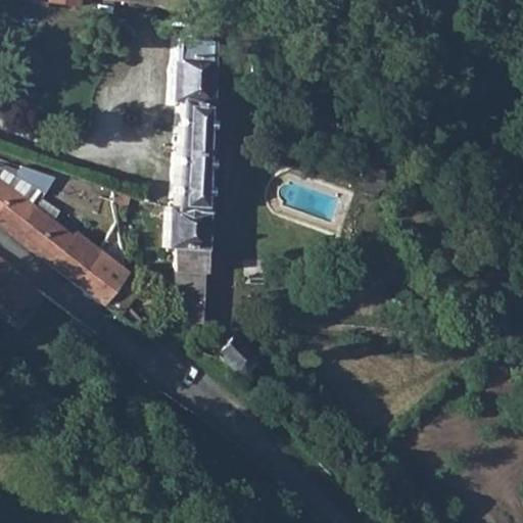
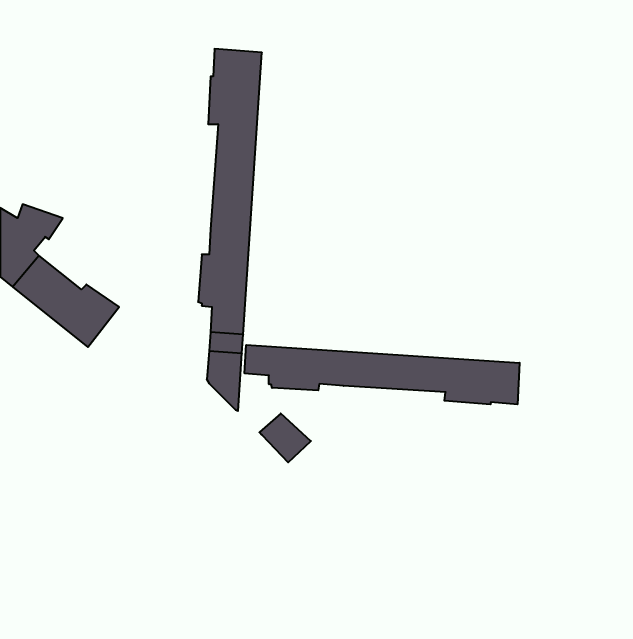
building: [78,250,131,304] -> none
building: none -> [245,345,520,404]

